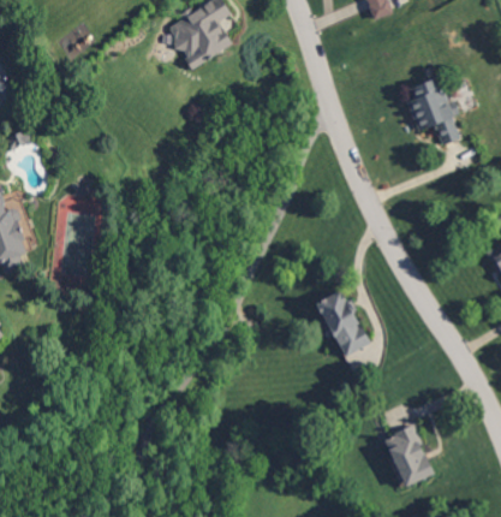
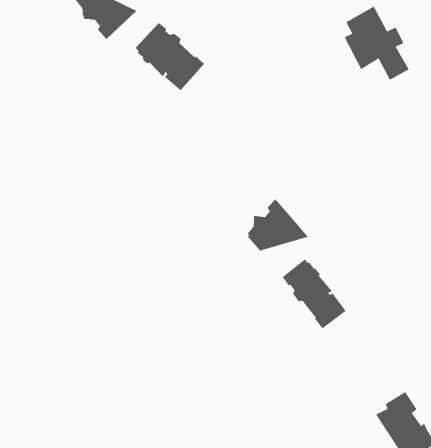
building: none -> [135,22,205,91]
building: none -> [247,199,309,252]

